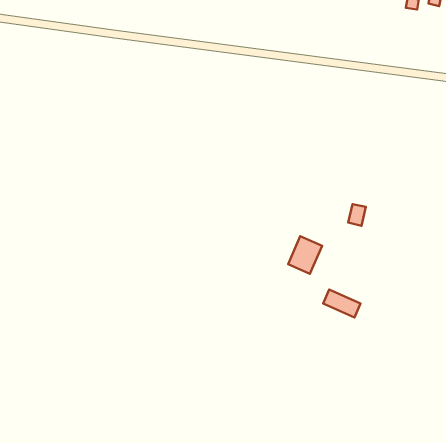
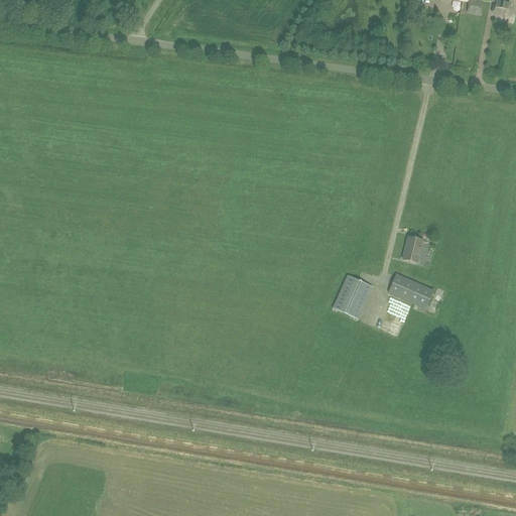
building: [323,290,361,318] -> [389,274,432,306]

